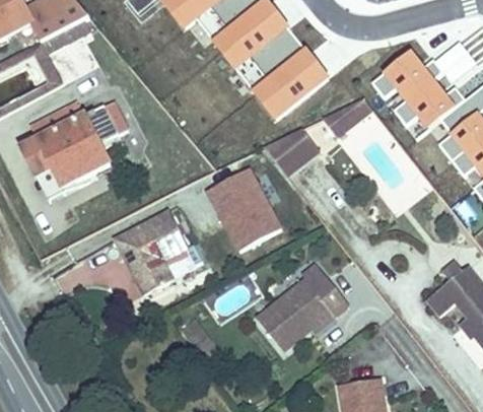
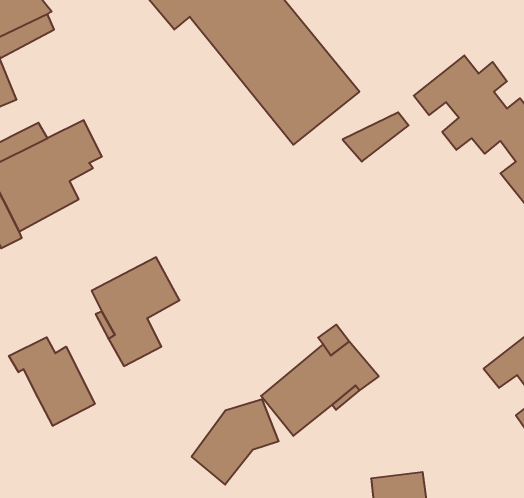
building: [260,127,315,174] -> none
building: [205,167,284,254] -> none
building: none -> [9,337,95,426]
building: none -> [192,399,279,485]

